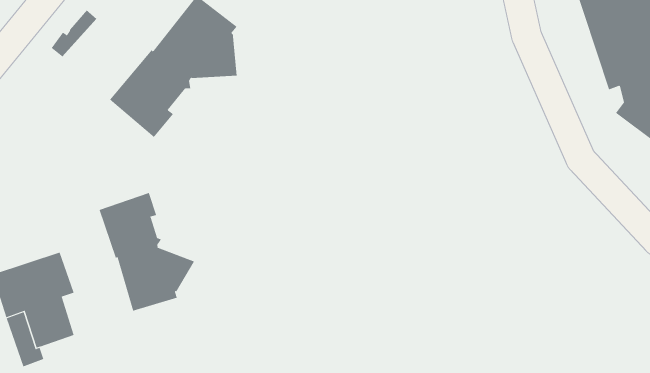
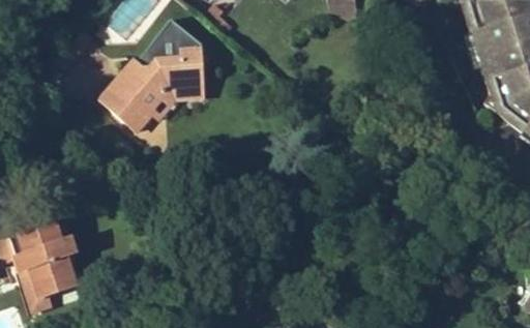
building: none -> [148,84,203,120]
building: [99,192,195,311] -> none

